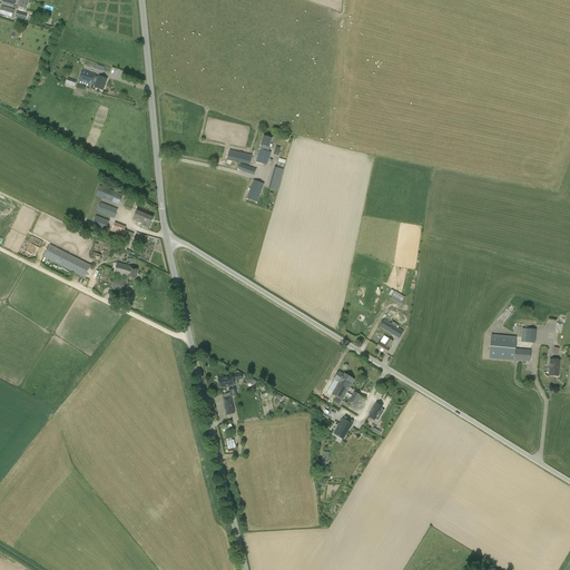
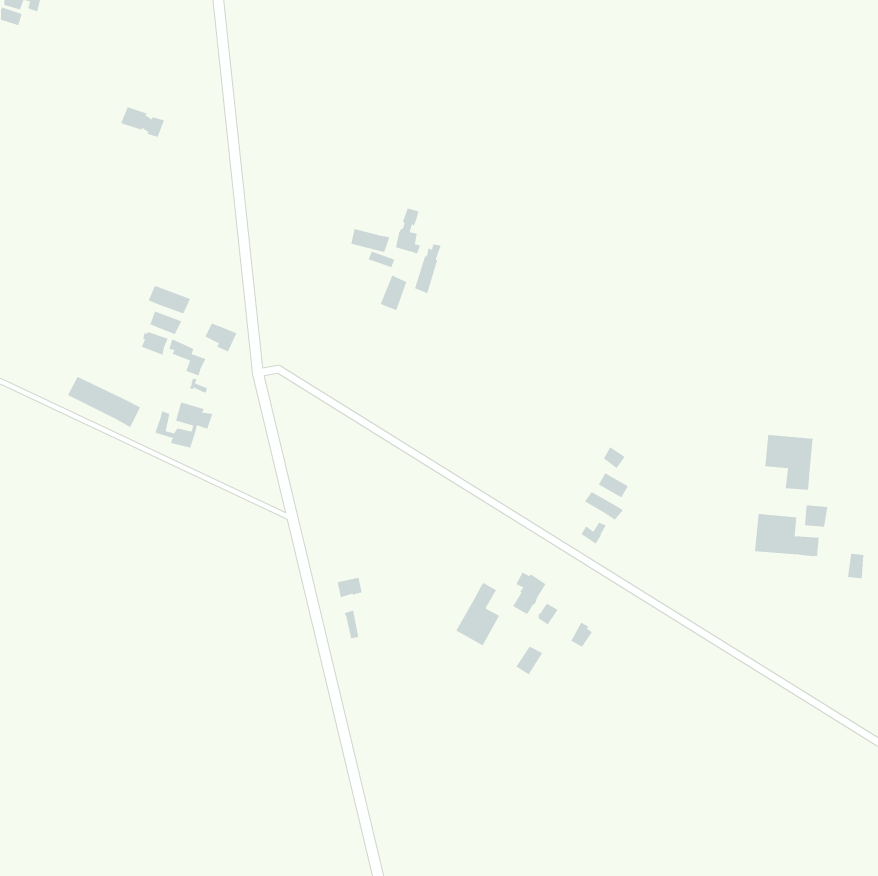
building: none -> [765,434,813,491]
building: none -> [456,582,500,646]

